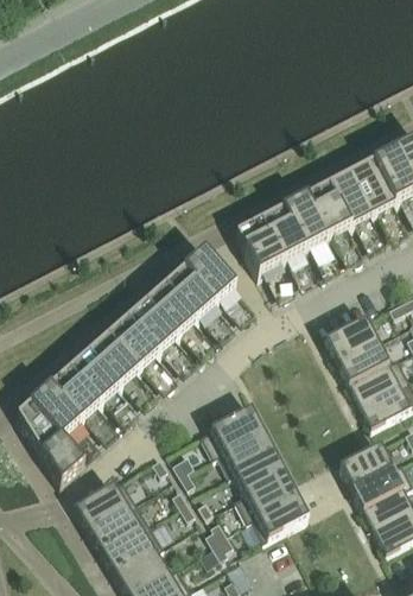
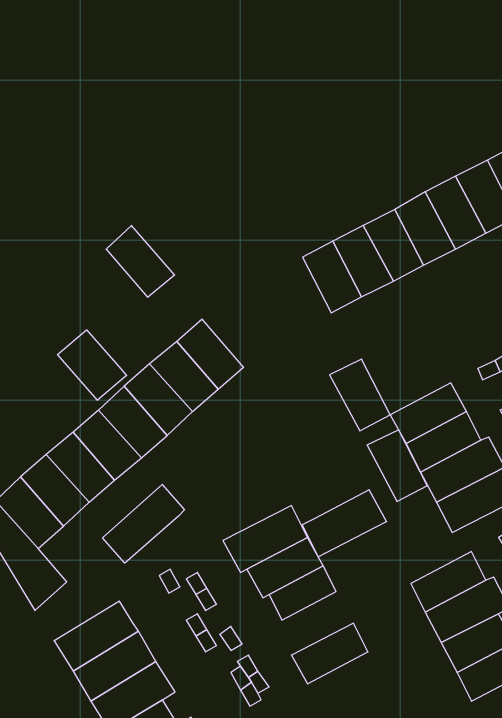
building: [234,217,279,271] -> [330,359,390,431]
building: [183,246,234,299] -> [106,225,175,297]
building: none -> [58,330,127,400]
building: none -> [367,430,427,502]
building: none -> [103,484,185,563]
building: [233,467,296,516] -> [302,490,387,557]

